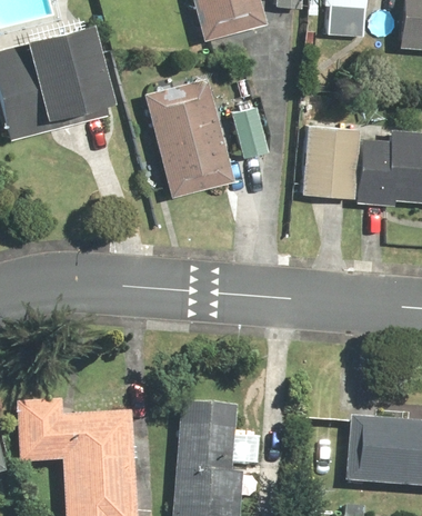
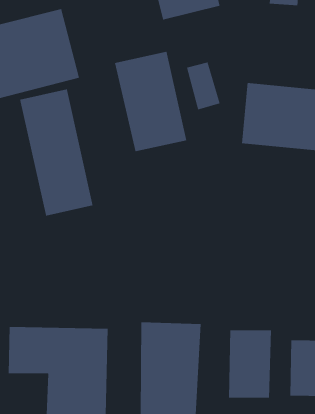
building: none -> [20,89,93,216]
building: none -> [229,329,271,399]

